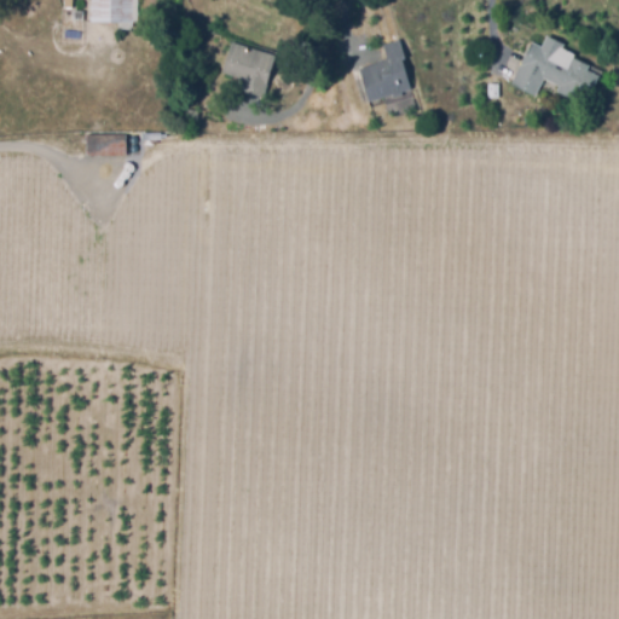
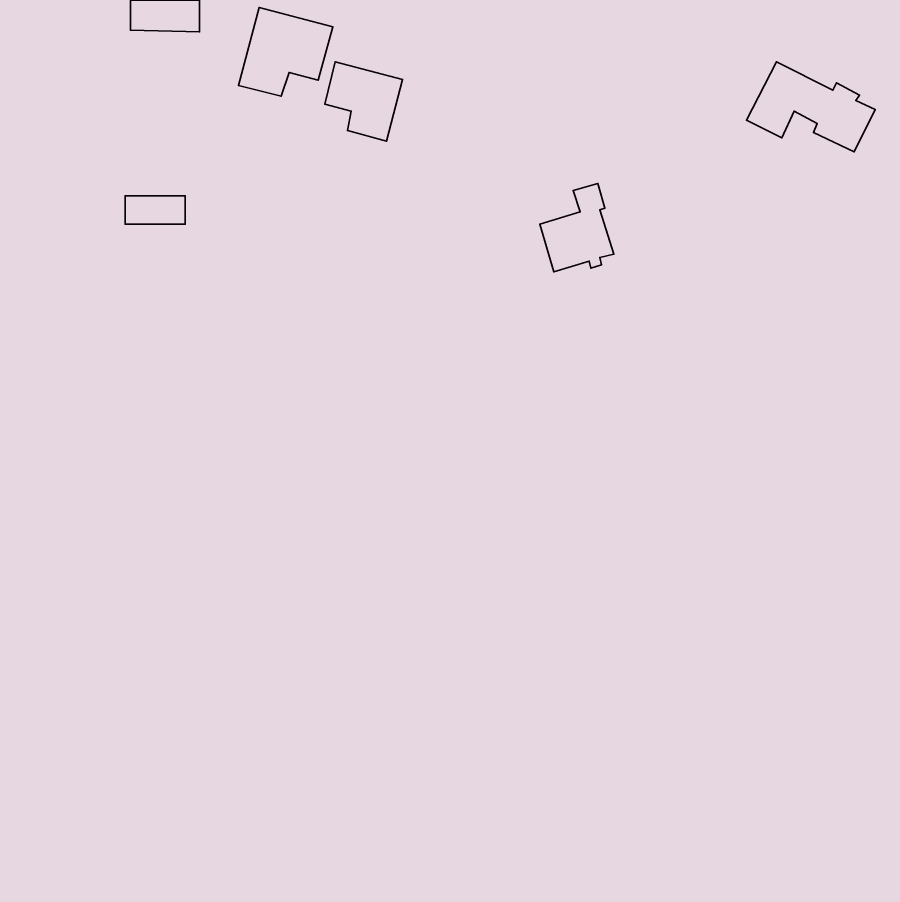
building: none -> [238,7,333,96]
building: [359,40,410,100] -> [540,184,614,272]

